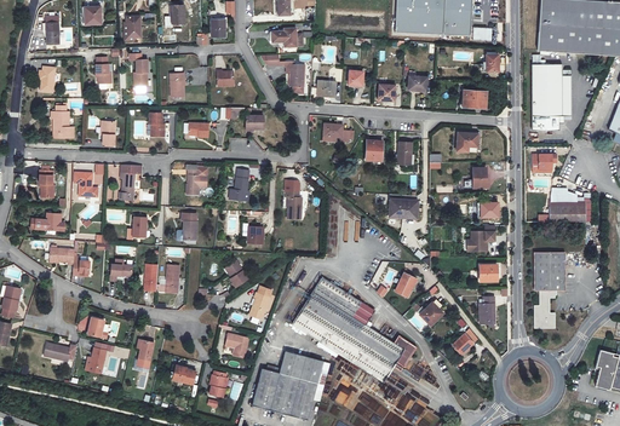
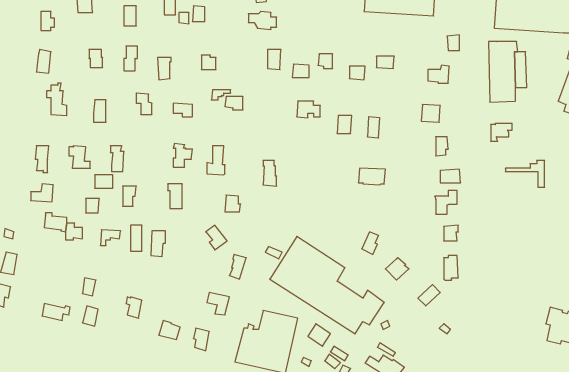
building: [546,201,582,218] -> none
building: [532,246,564,322] -> none

